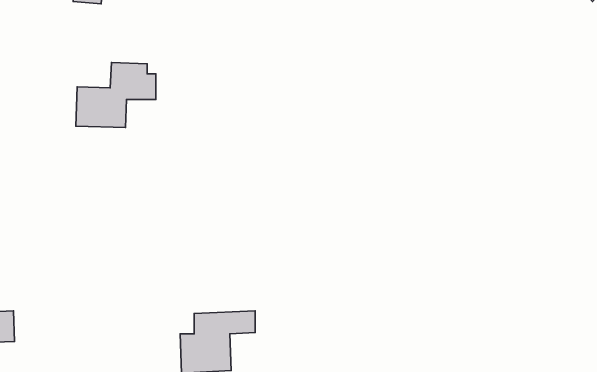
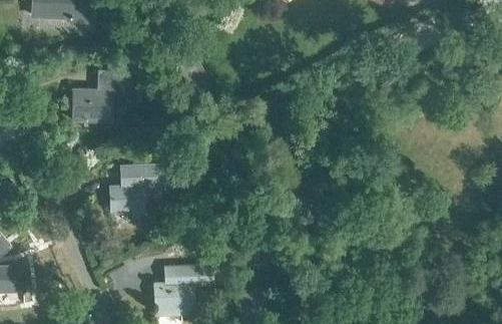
building: none -> [108,165,169,218]

